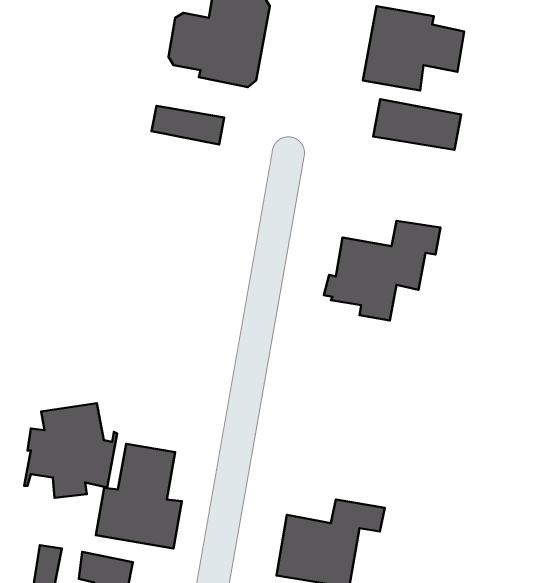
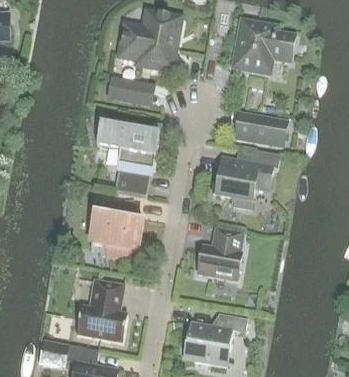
building: [373,99,461,150] -> [234,114,286,144]
building: none -> [96,118,159,196]
building: none -> [197,228,242,279]
building: [24,403,117,498] -> [89,200,144,256]

